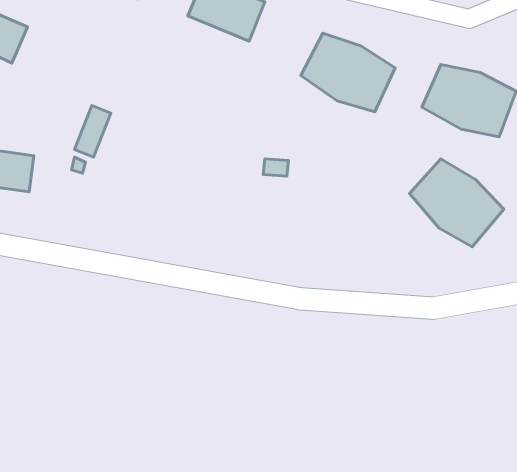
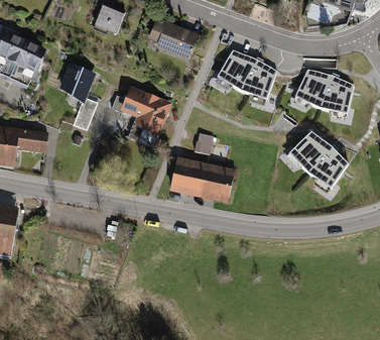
building: none -> [57,64,95,101]
building: none -> [119,86,171,146]
building: none -> [169,159,234,204]

